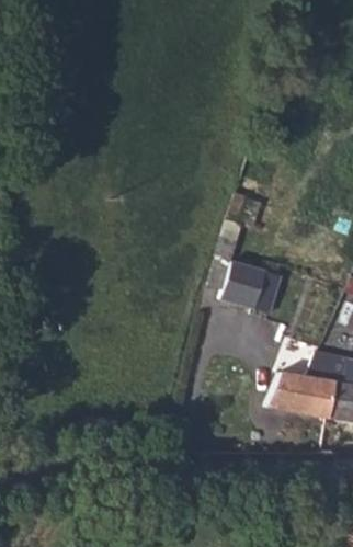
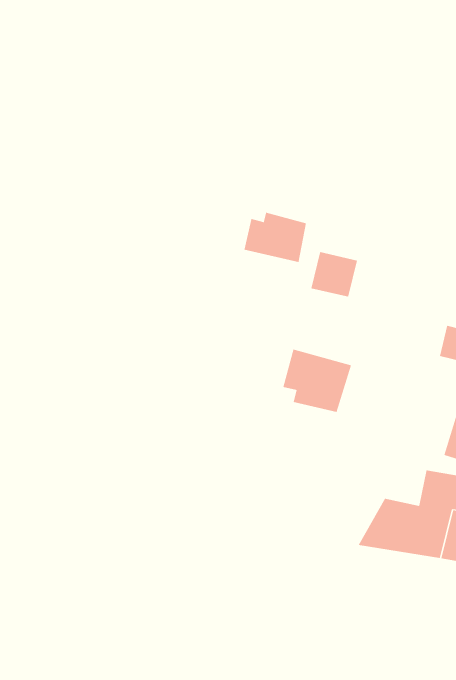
building: none -> [244,212,306,263]

